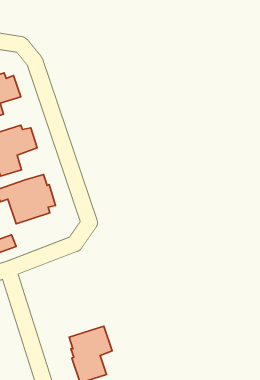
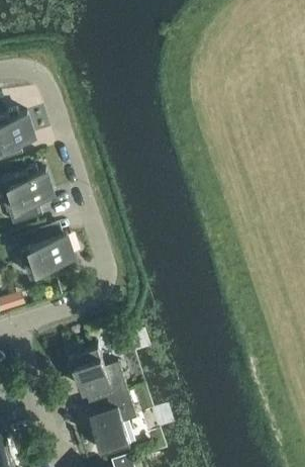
building: none -> [69,347,127,403]

